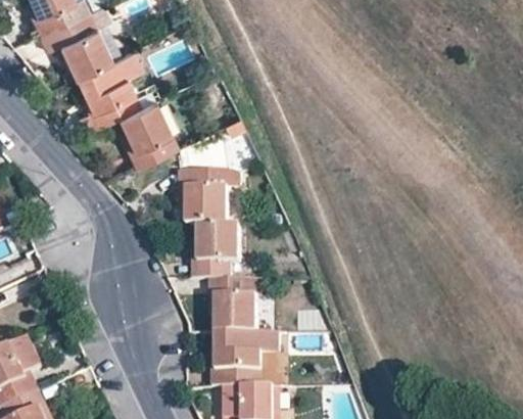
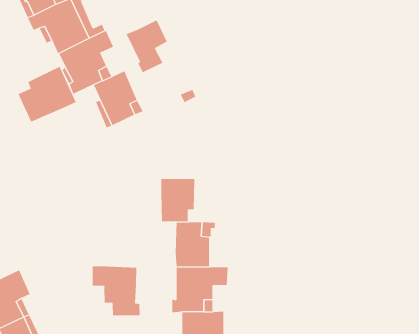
building: none -> [126,20,167,73]
building: none -> [18,66,77,122]
building: [184,171,227,224] -> none
building: none -> [92,265,140,316]

